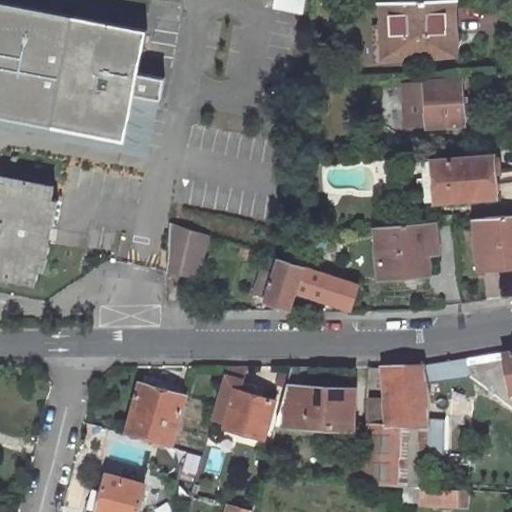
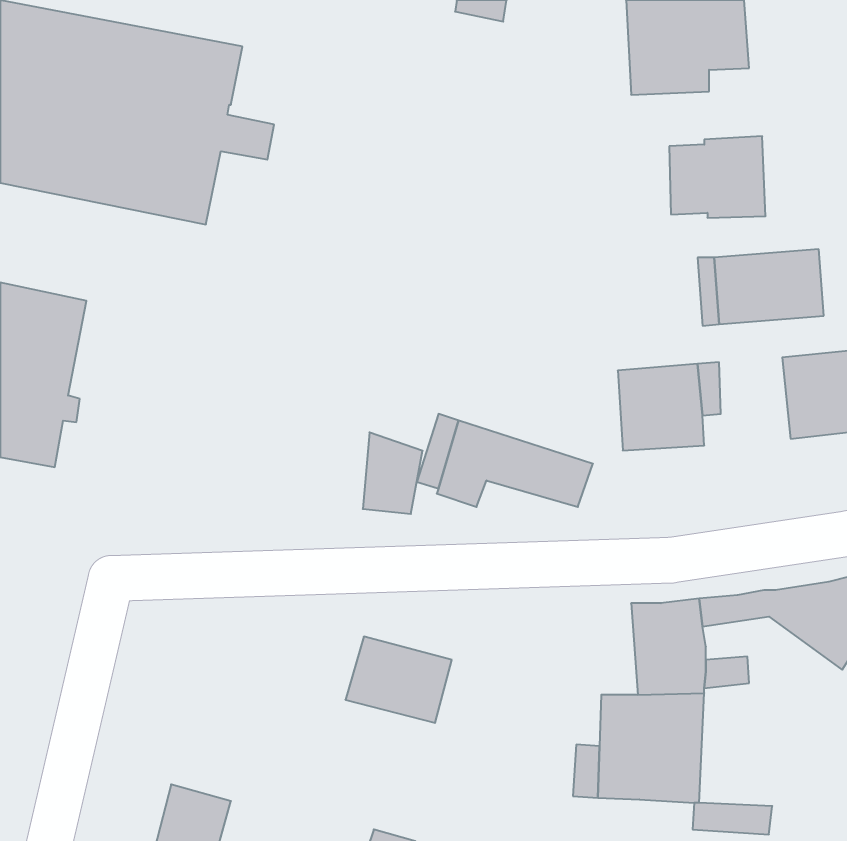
building: [167,224,203,273] -> [363,432,423,514]
building: [274,369,354,430] -> none
building: [125,383,181,443] -> none

